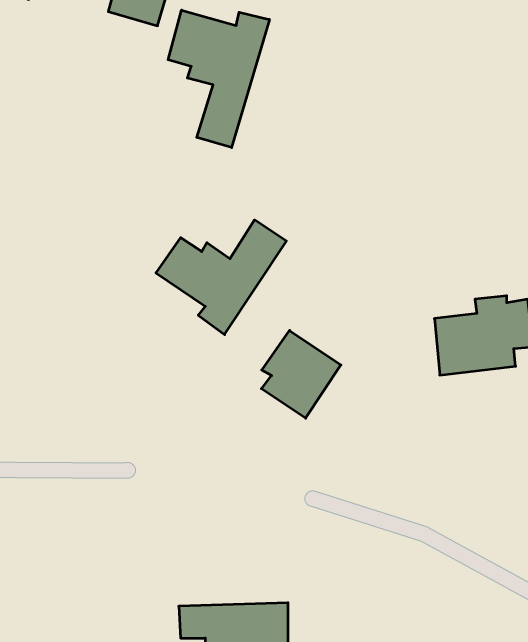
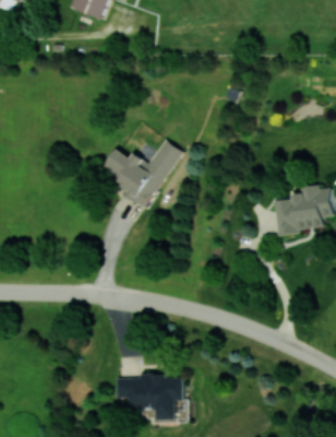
building: [168,10,269,148] -> none
building: [261,330,341,418] -> none

